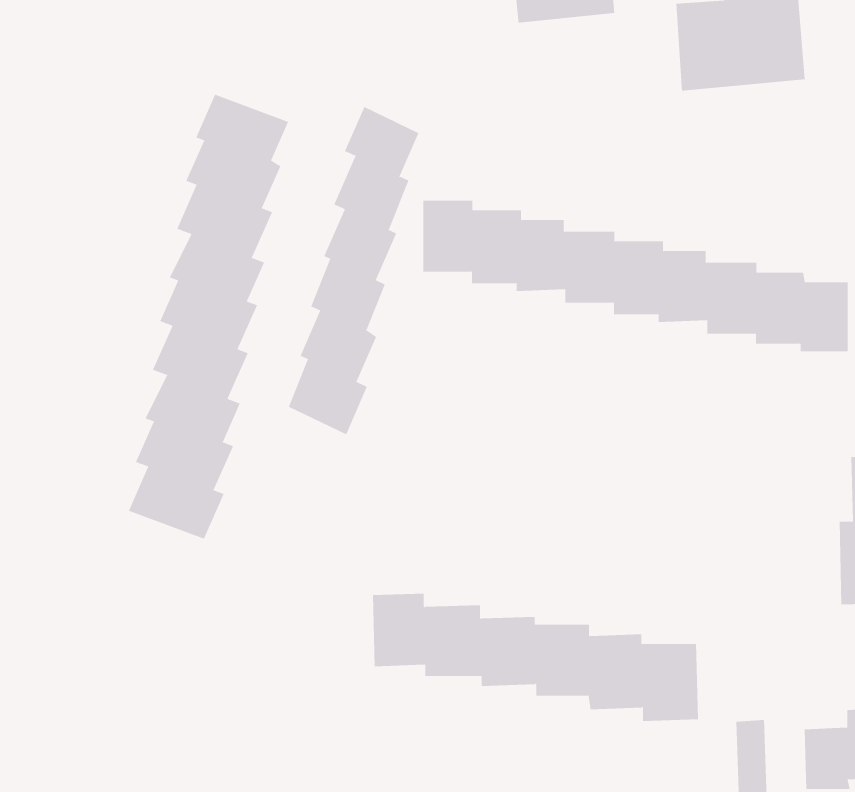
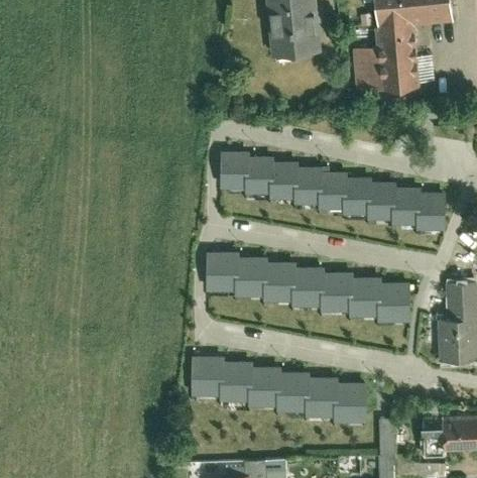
building: [128,94,289,539] -> none
building: [288,106,419,435] -> none
building: none -> [208,253,407,320]

